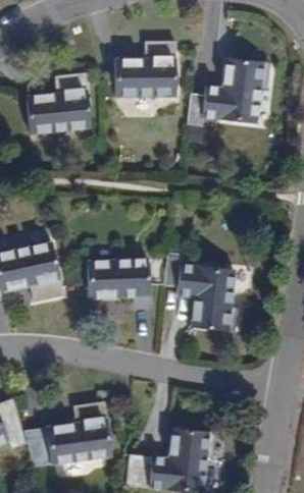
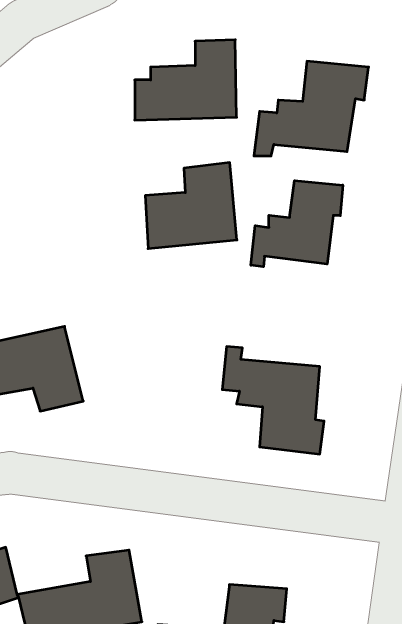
building: [28,73,93,134] -> [145,163,237,249]
building: none -> [251,181,343,267]
building: [87,257,152,306] -> none

